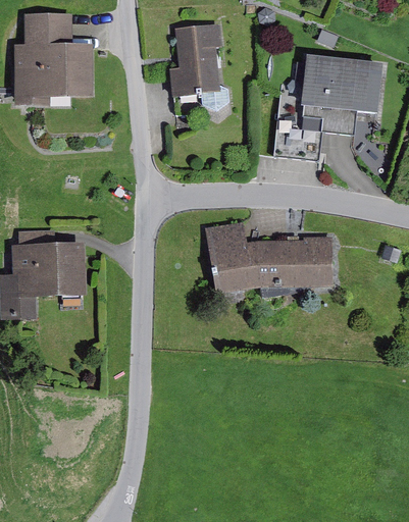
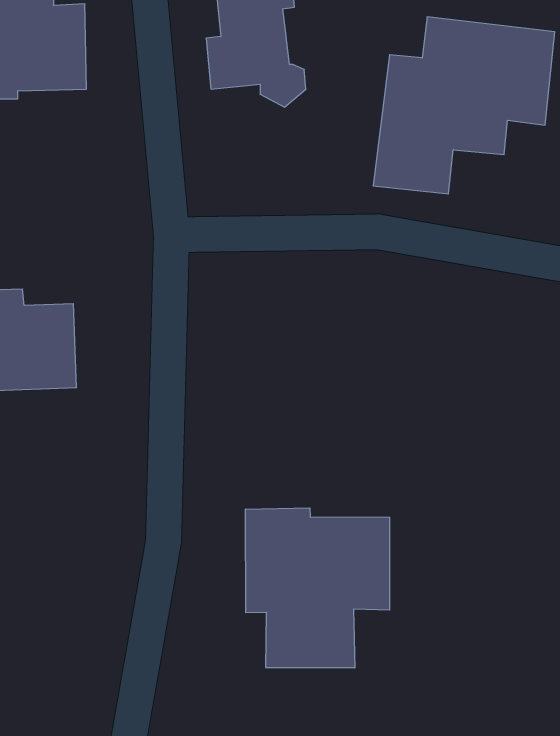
building: [205,218,334,293] -> none
building: none -> [246,508,390,668]

